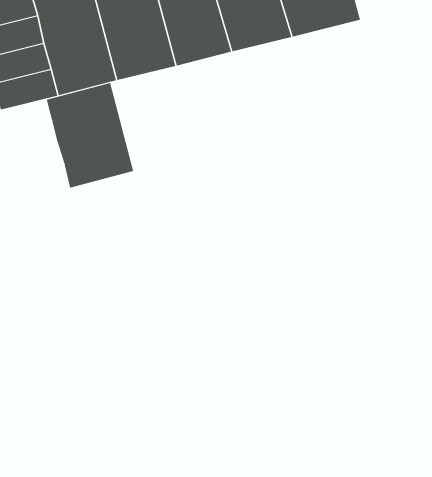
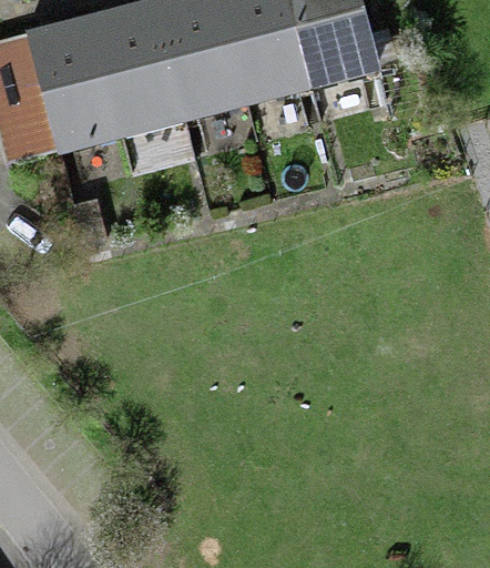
building: [46,82,134,188] -> none

